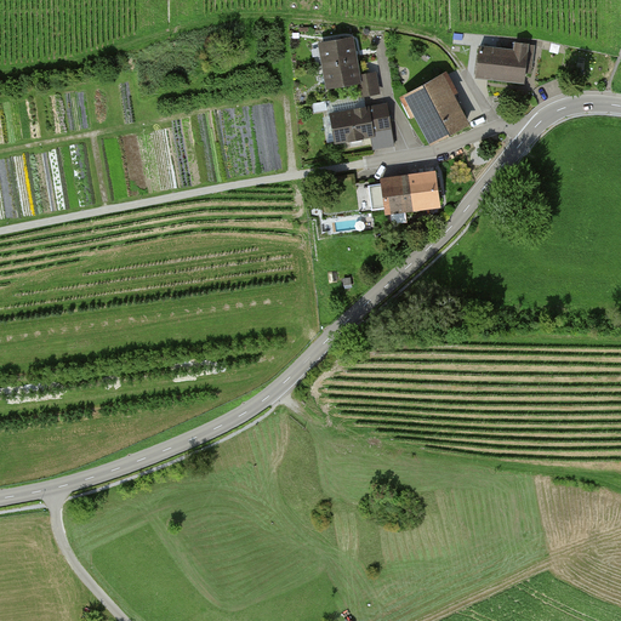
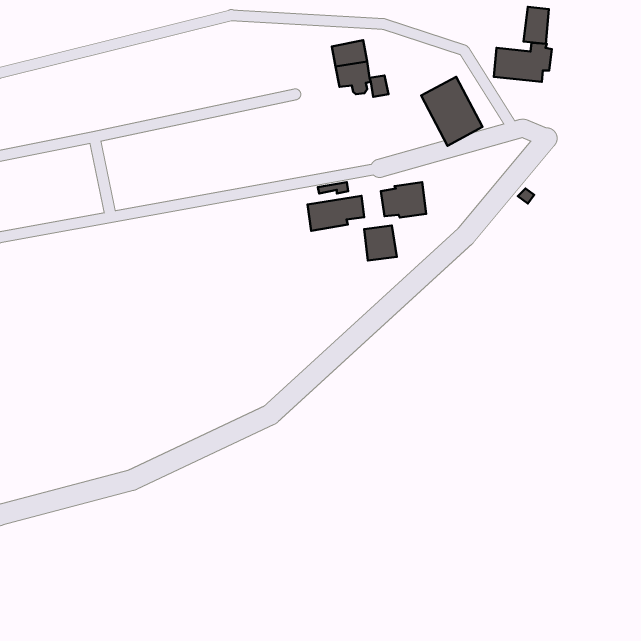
building: none -> [523,7,549,44]
building: [332,106,387,139] -> [307,196,364,231]
building: [408,172,439,206] -> [364,225,397,261]

